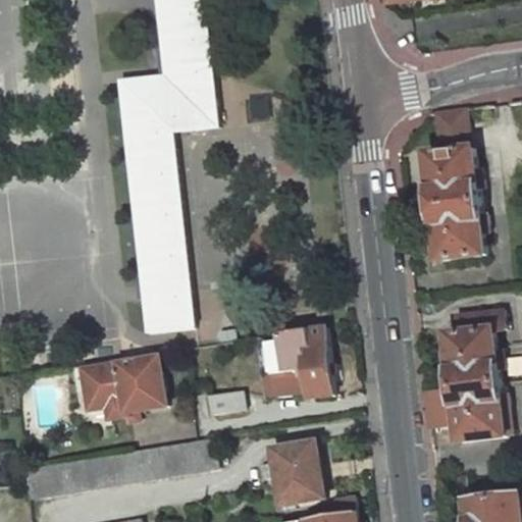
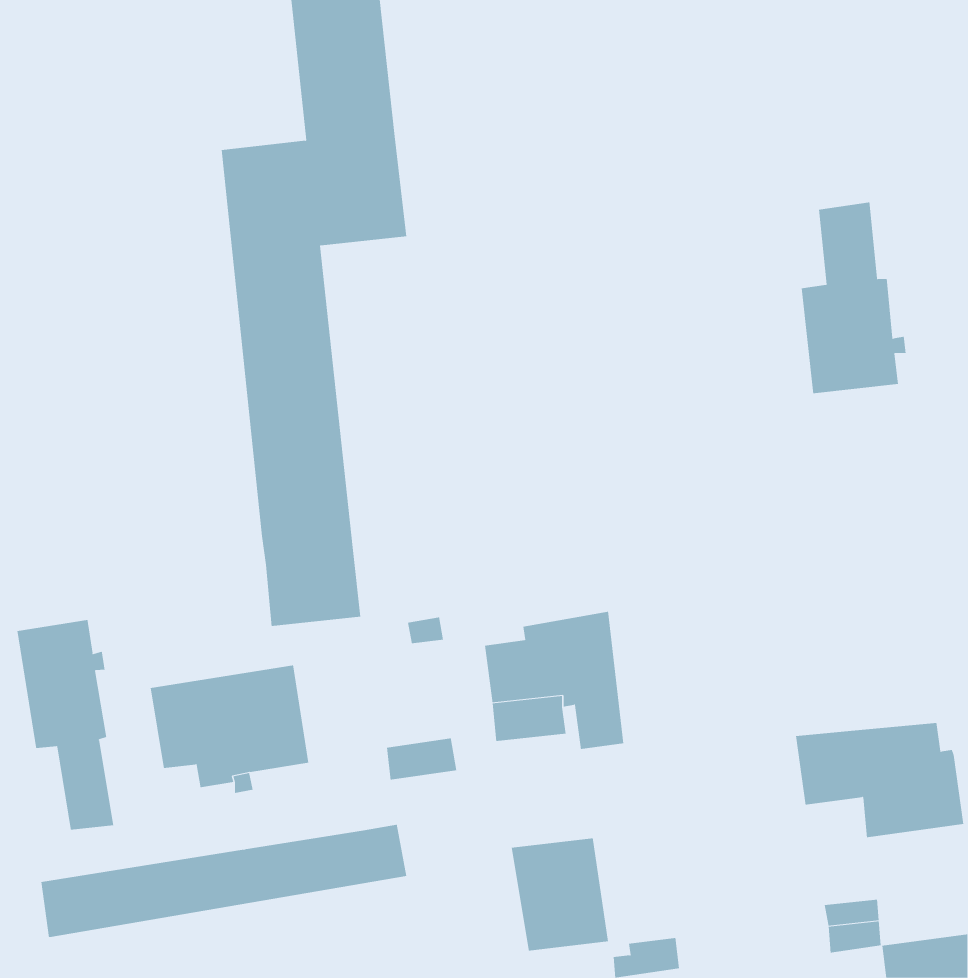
building: [431,204,485,260] -> none
building: [448,310,506,387] -> none
building: none -> [17,619,114,831]

